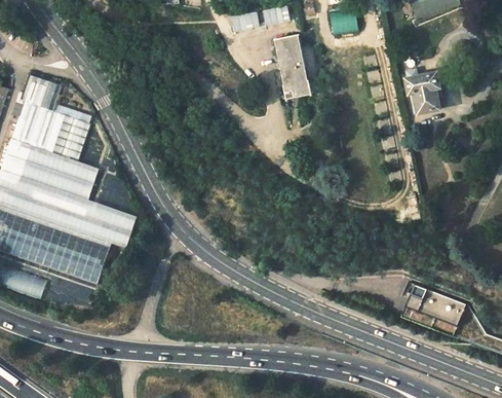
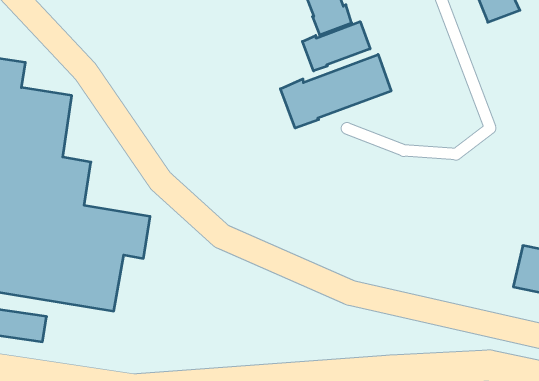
building: none -> [302,22,370,71]
building: none -> [280,54,391,128]

